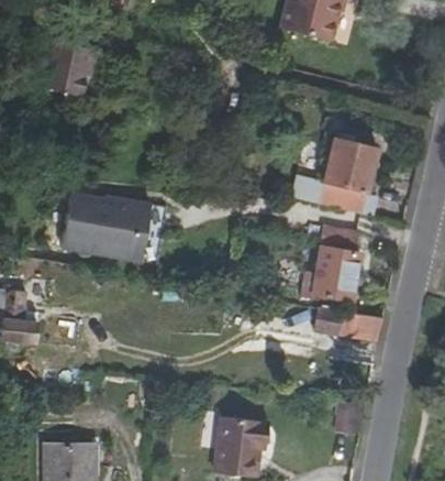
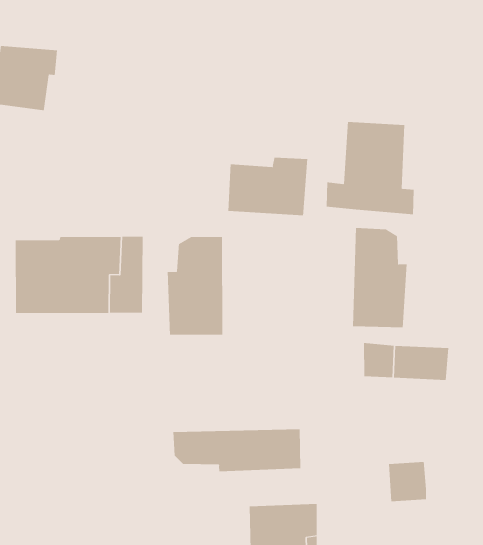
building: none -> [228,157,308,216]
building: none -> [167,236,223,336]
building: none -> [173,428,301,472]

